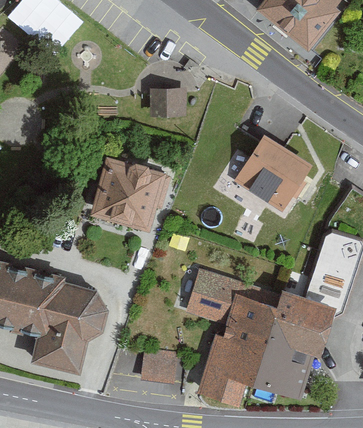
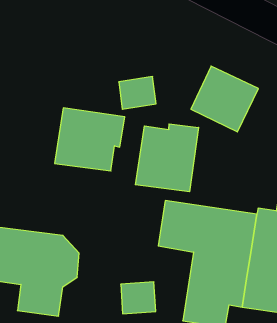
building: [148,88,183,117] -> [119,77,156,109]
building: none -> [135,124,199,192]

